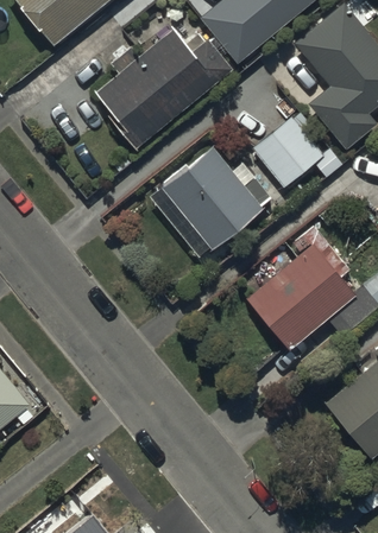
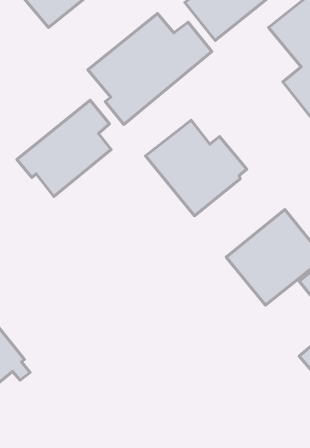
building: [252,115,323,188] -> none
building: none -> [17,100,111,196]

